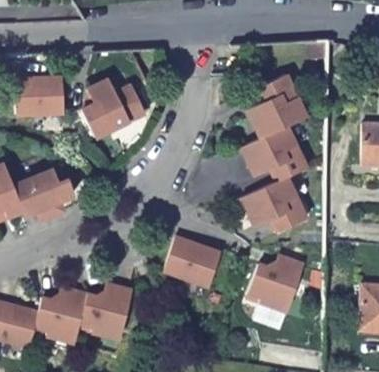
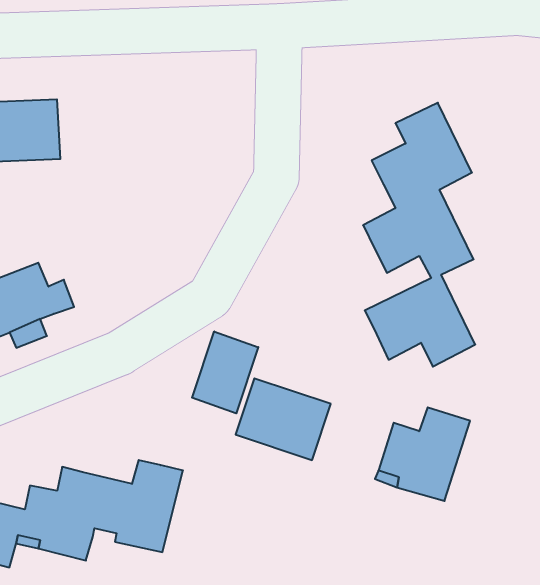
building: [82,81,146,138] -> none
building: none -> [192,331,258,413]

